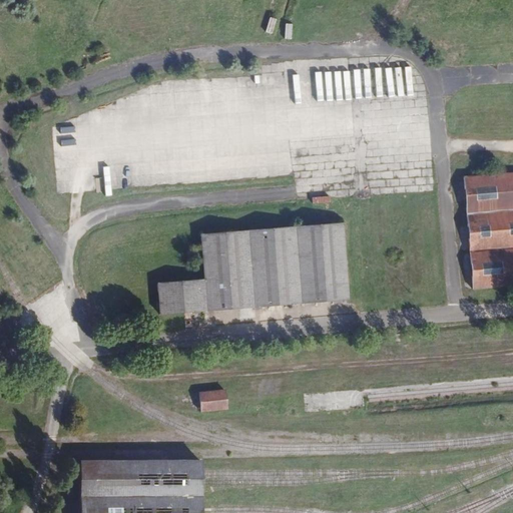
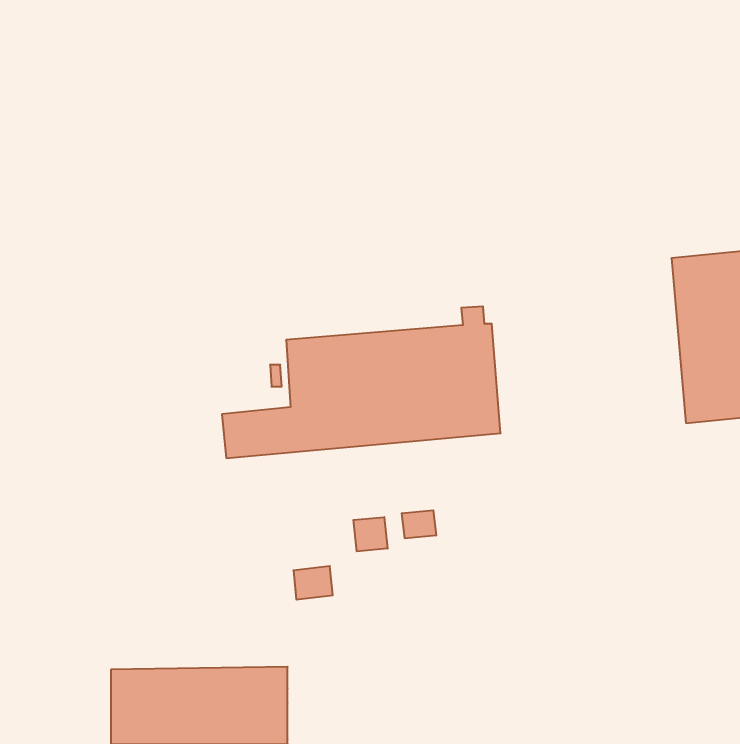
building: none -> [402,510,436,538]
building: none -> [353,517,388,551]

